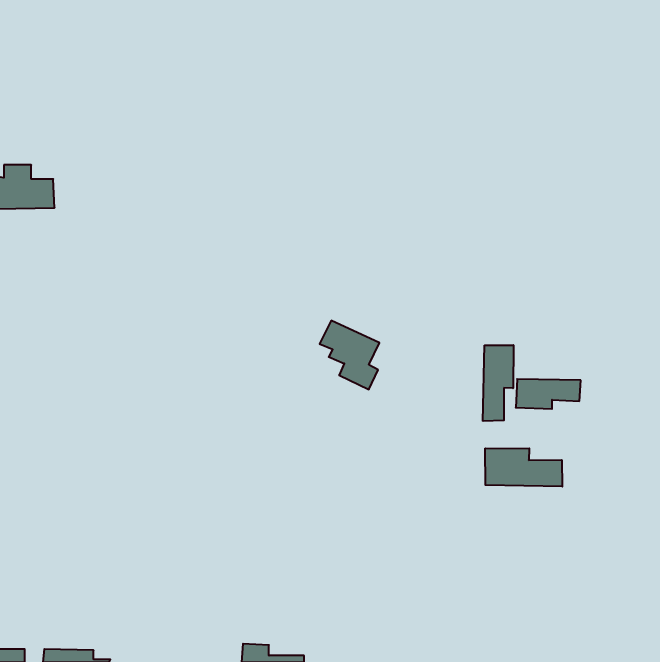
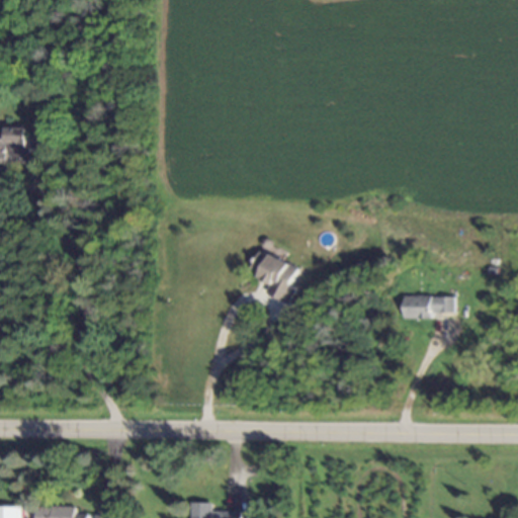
building: [483,345,513,421] -> none
building: [485,448,562,487] -> none

